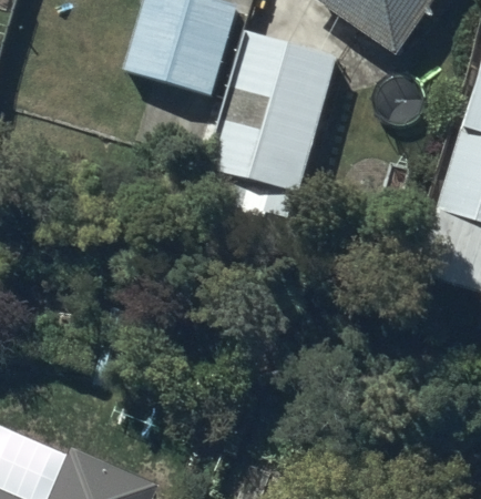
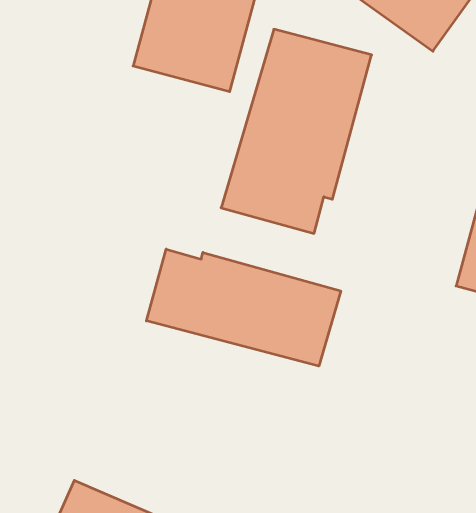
building: none -> [146,249,341,366]

